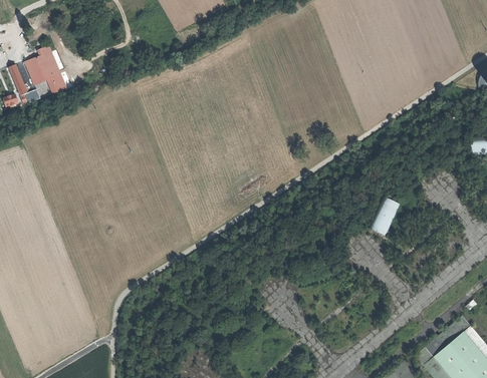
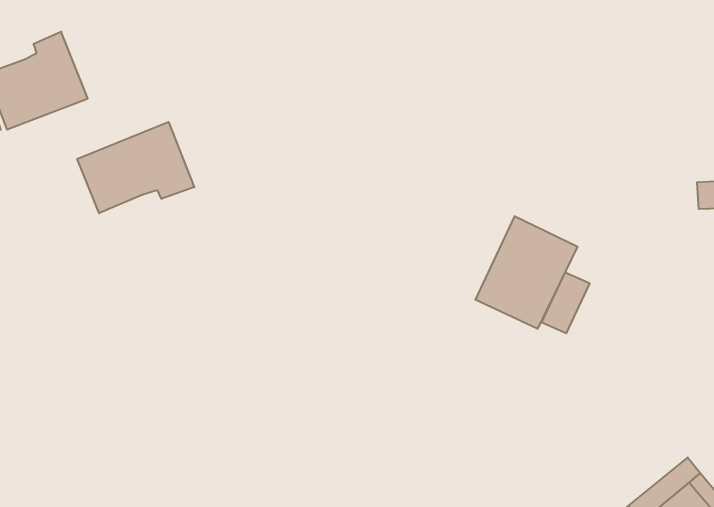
building: none -> [77,122,194,213]
building: none -> [475,216,577,329]

